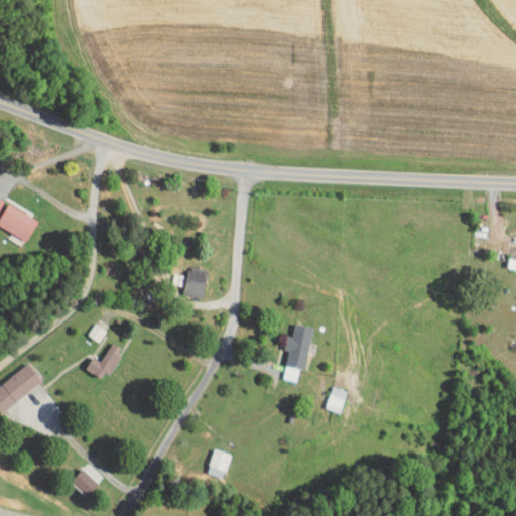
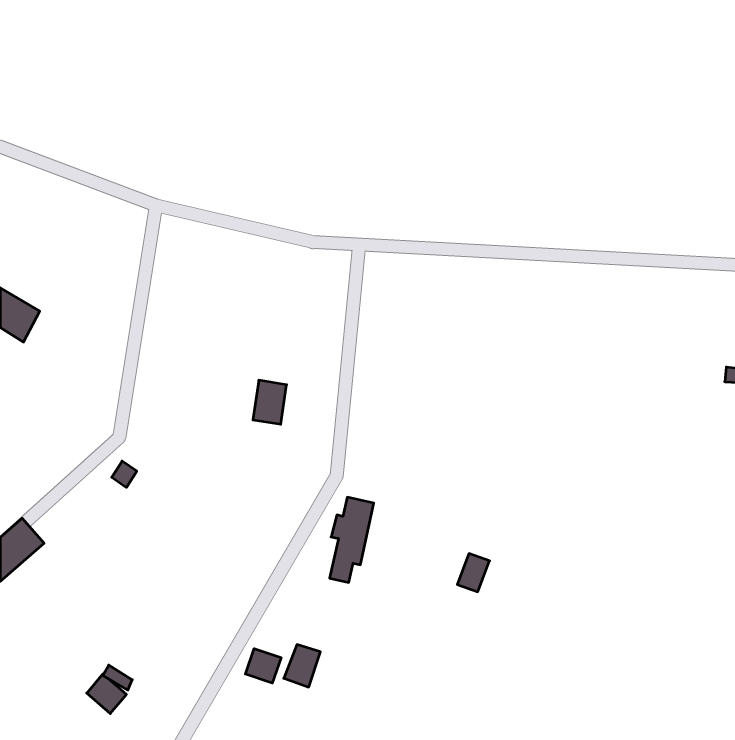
building: [283,324,313,382] -> [330,497,374,582]
building: [86,343,123,380] -> none
building: none -> [245,649,281,683]

